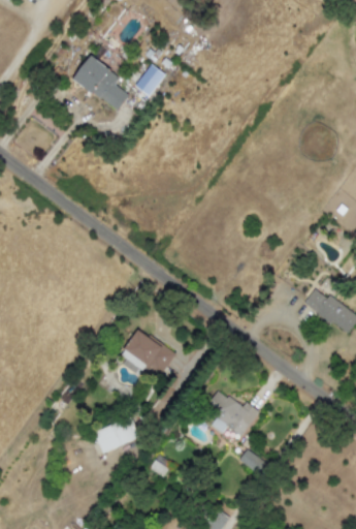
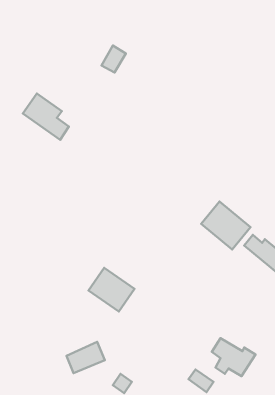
building: [73,56,128,111] -> [23,94,69,140]
building: none -> [201,201,251,250]
building: [206,391,258,436] -> [212,338,255,376]

